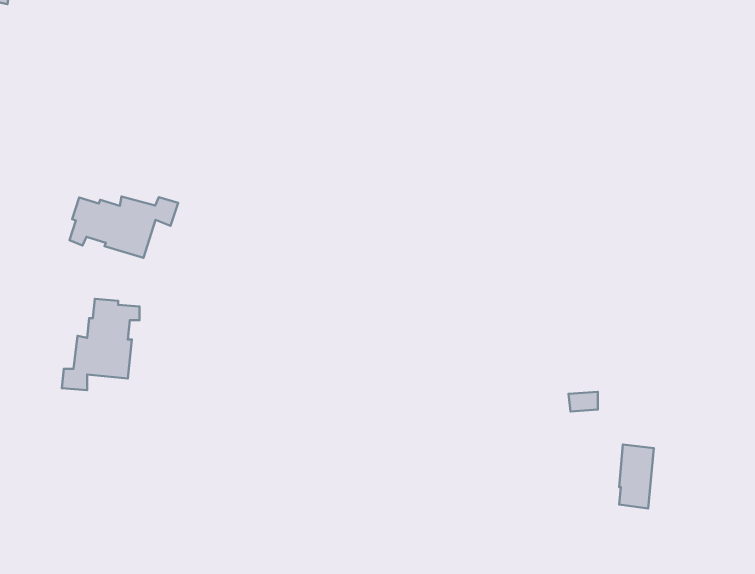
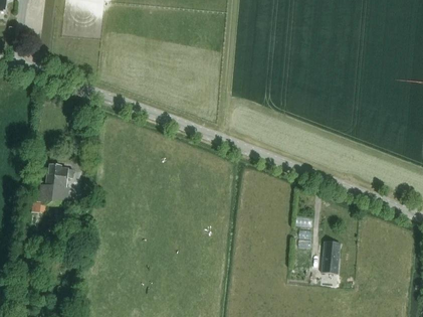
building: [70,196,178,258] -> none

